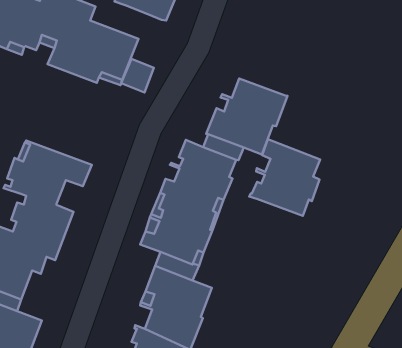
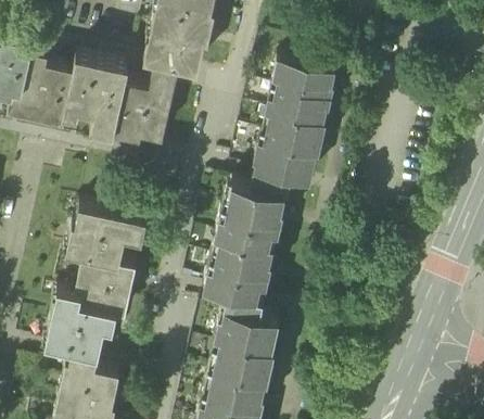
building: [121,59,154,92] -> [149,65,178,96]
building: [249,139,320,216] -> [267,61,332,129]

